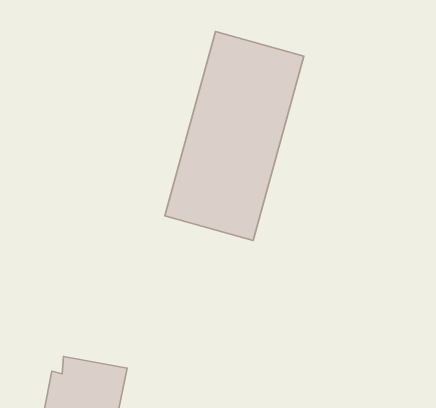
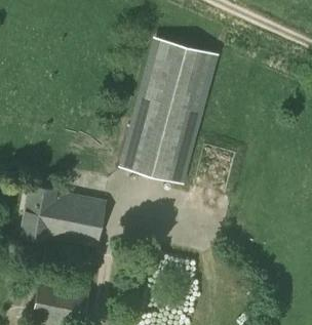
building: none -> [18,184,106,247]

